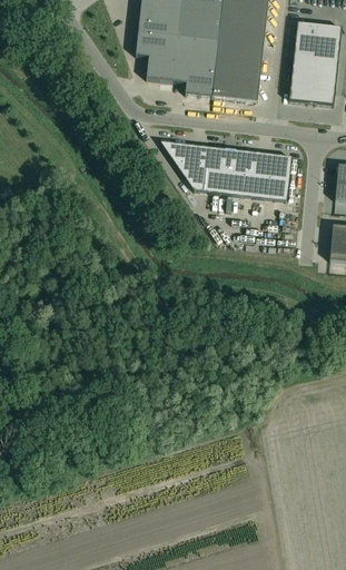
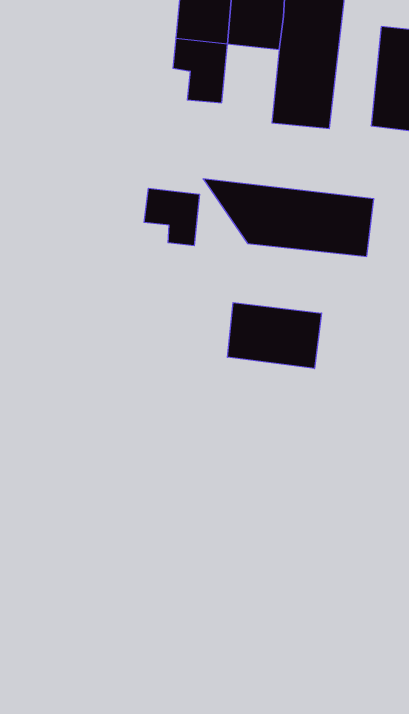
building: [174,35,218,96] -> none
building: none -> [144,188,200,246]
building: none -> [227,303,322,369]

